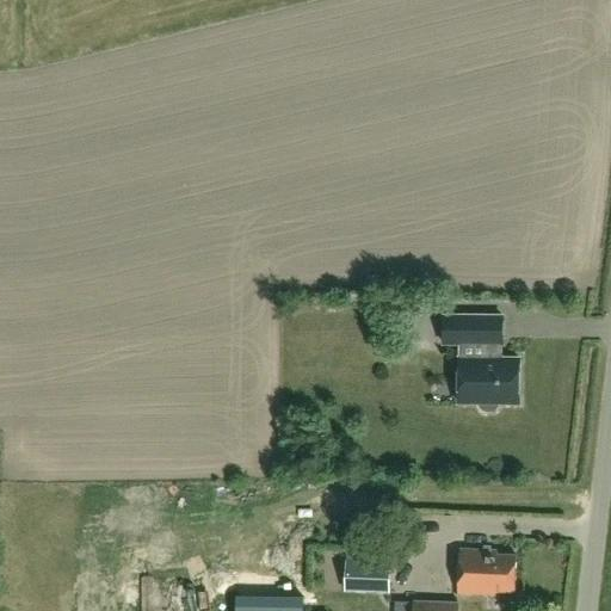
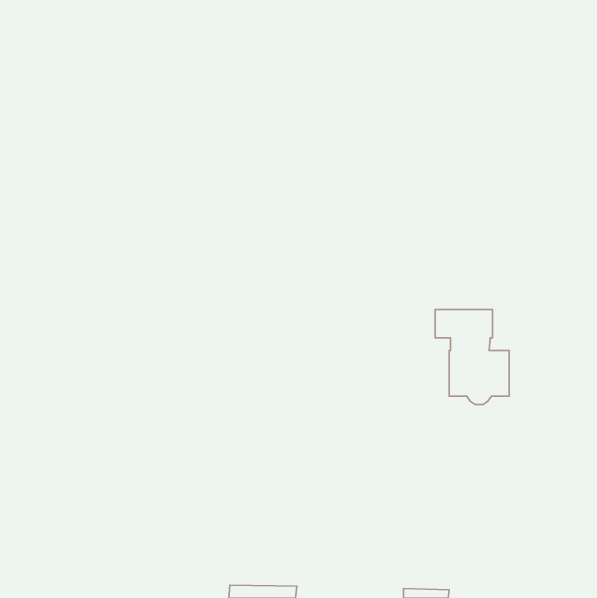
building: [457,551,516,597] -> none
building: [345,560,389,590] -> none

